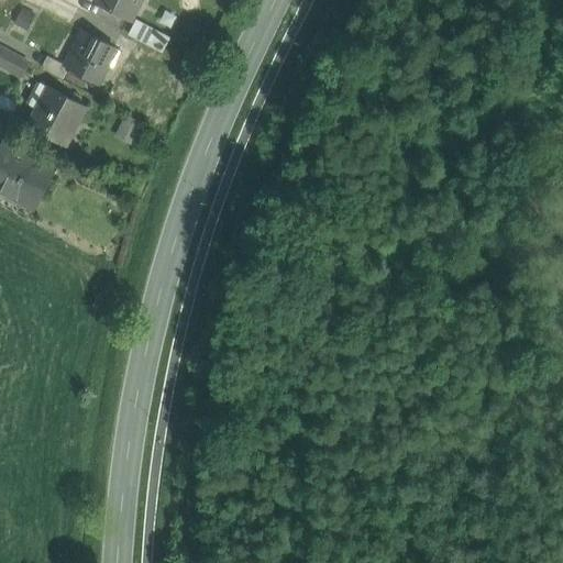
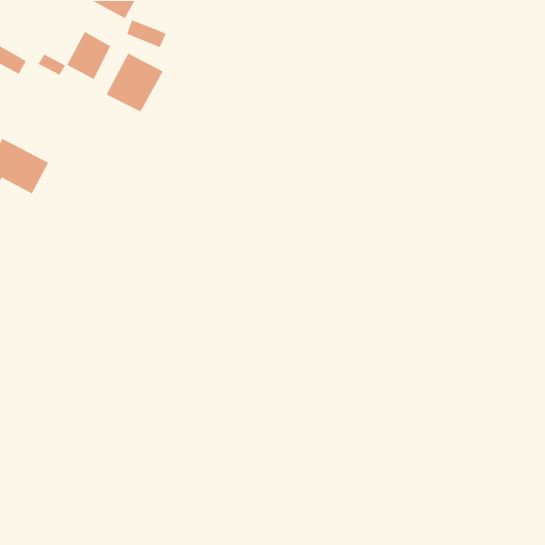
building: none -> [105,52,164,112]
building: [29,88,85,145] -> none

